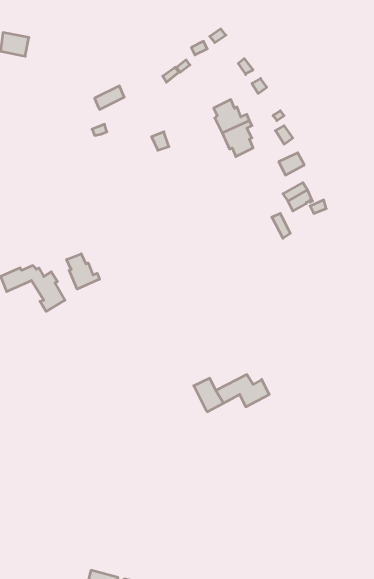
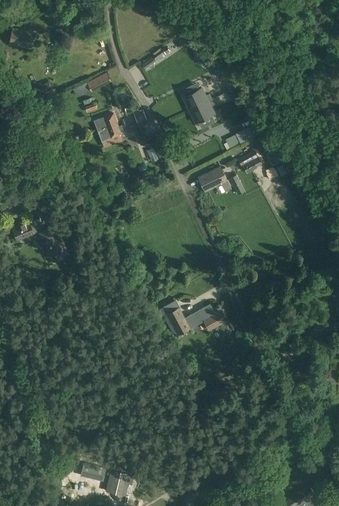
building: none -> [93,112,122,141]
building: none -> [199,168,227,192]
building: [67,254,100,289] -> none

